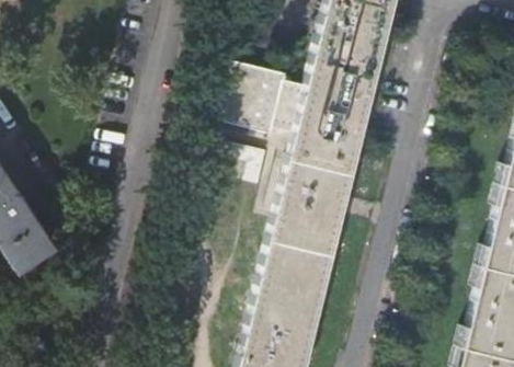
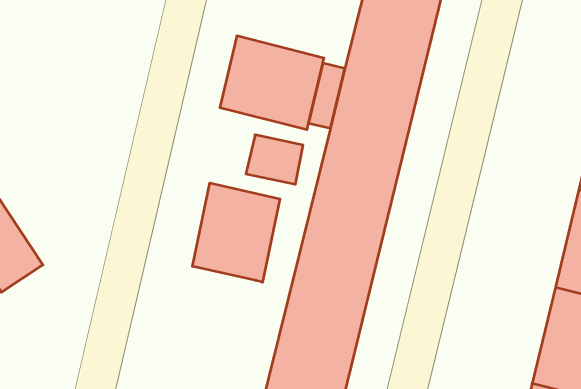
building: none -> [192,183,280,282]

